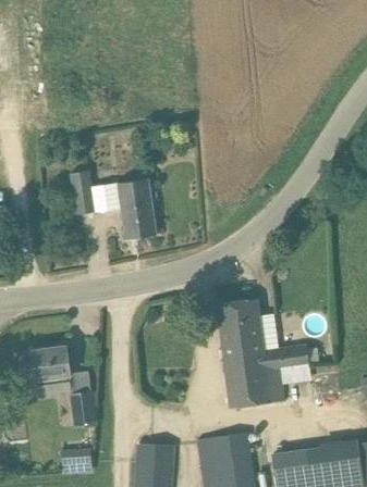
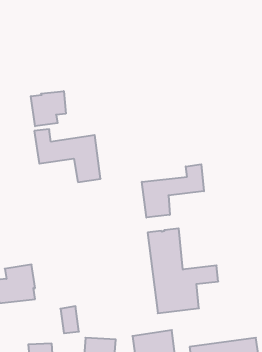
building: none -> [31,91,66,126]
building: none -> [142,164,204,218]
building: [72,392,96,427] -> [60,306,79,333]

